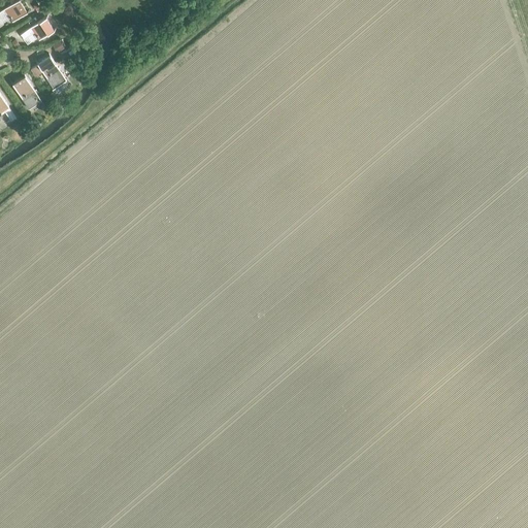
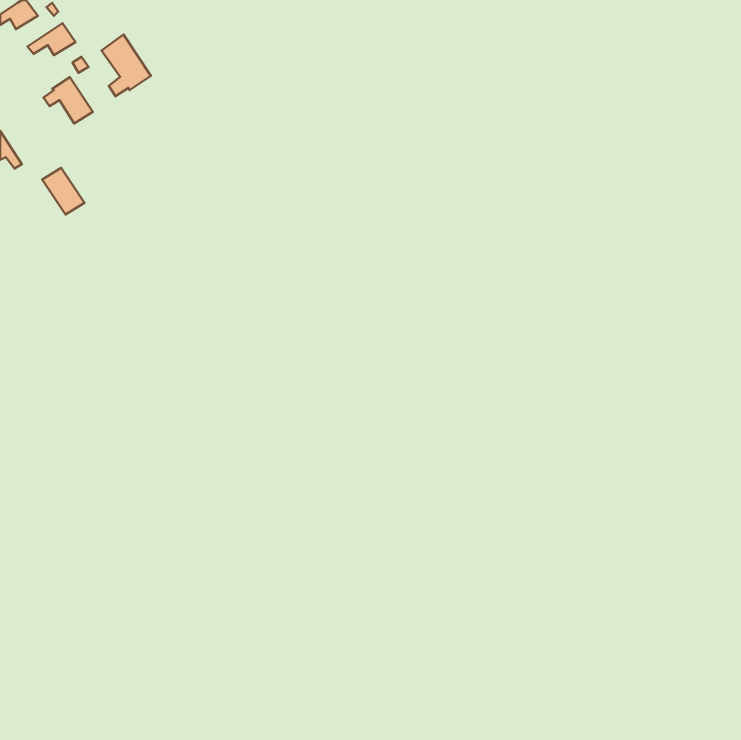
building: none -> [101,35,151,96]
building: [12,77,42,110] -> [42,168,84,215]

